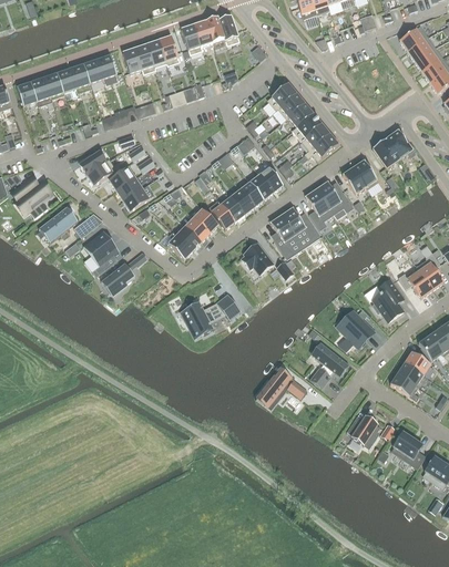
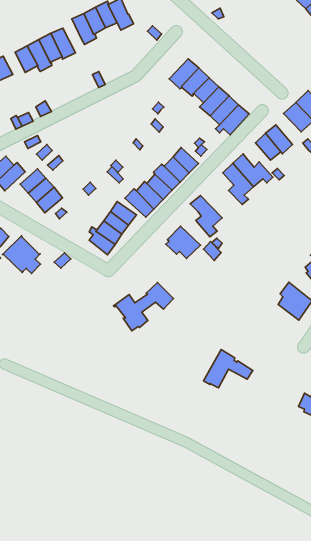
building: [280,207,318,239] -> none
building: [100,261,134,296] -> none
building: [309,344,348,388] -> none

